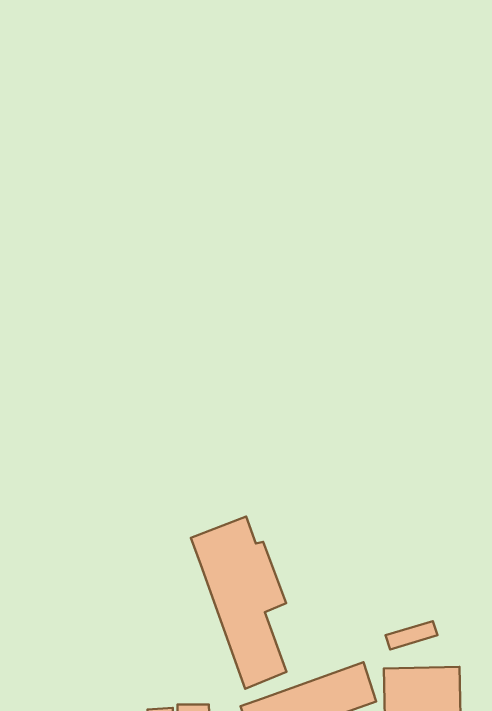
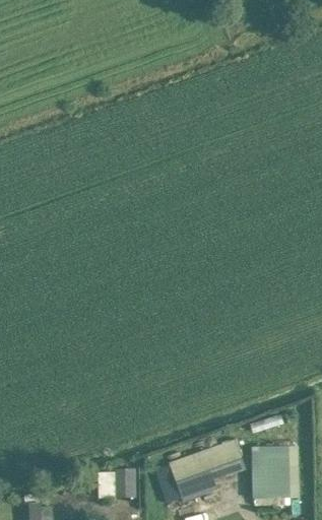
building: [191,516,286,689] -> none

